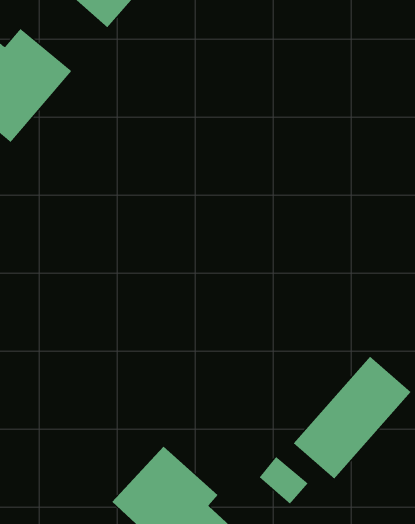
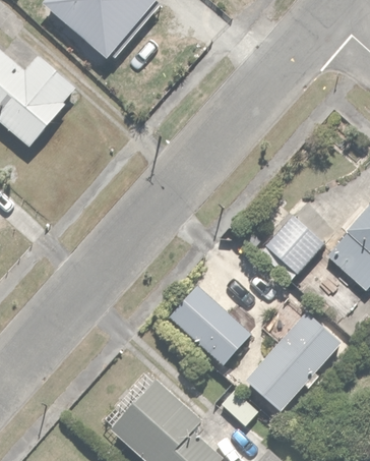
building: none -> [266,216,324,277]
building: none -> [169,282,269,387]

